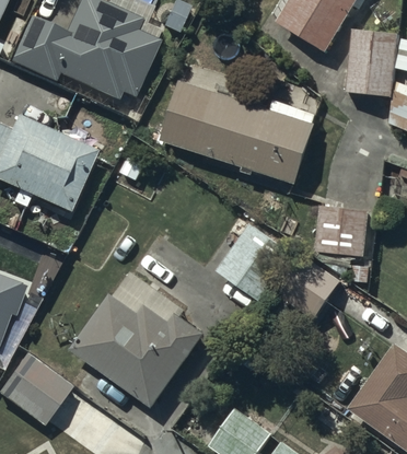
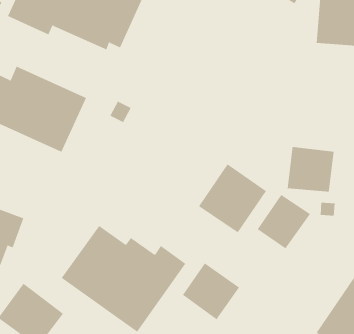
building: [162,80,315,182] -> none
building: none -> [182,263,240,320]

